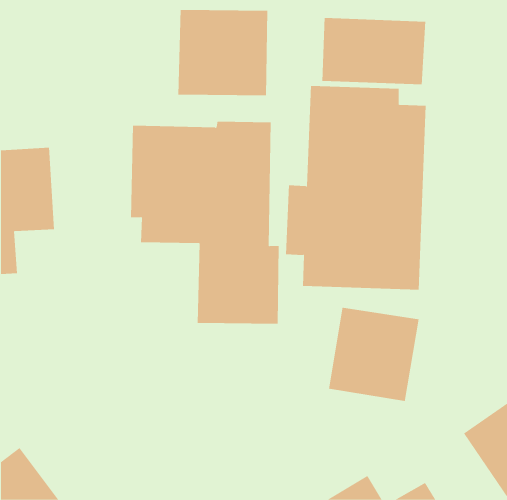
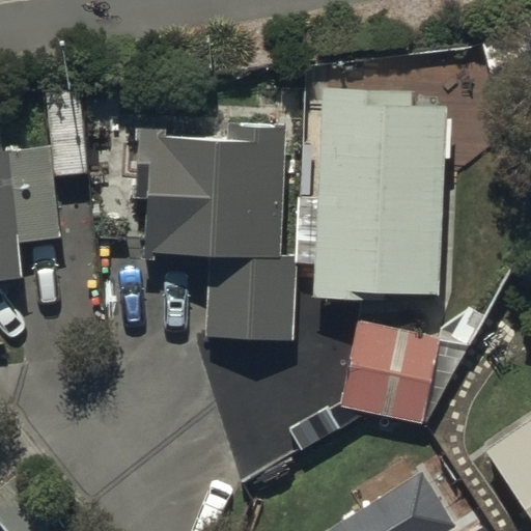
building: [178,9,268,96] -> none
building: [322,17,426,85] -> none

